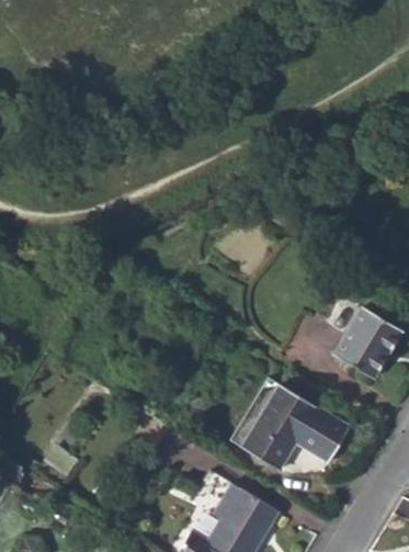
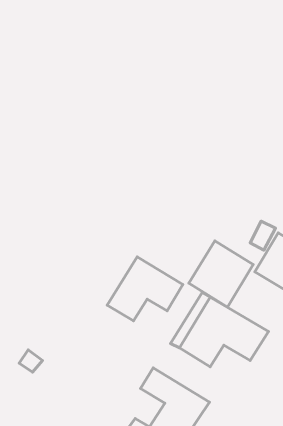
building: none -> [189,241,253,307]
building: none -> [107,257,183,321]

